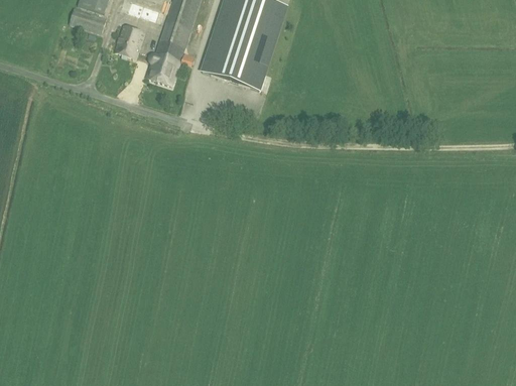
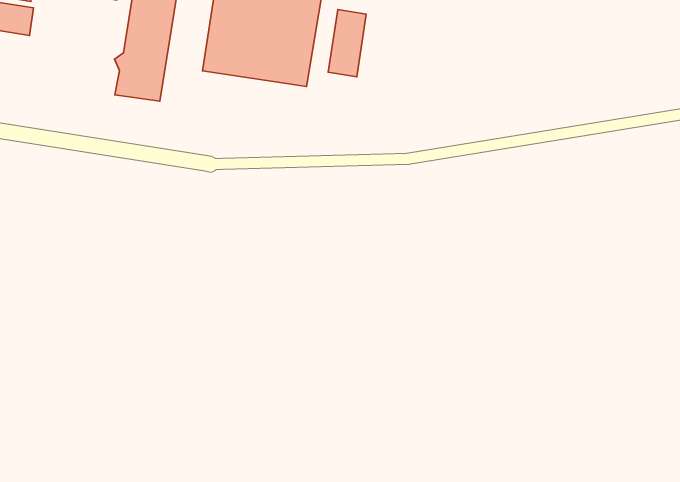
building: [114,23,144,58] -> none
building: none -> [328,10,366,77]

